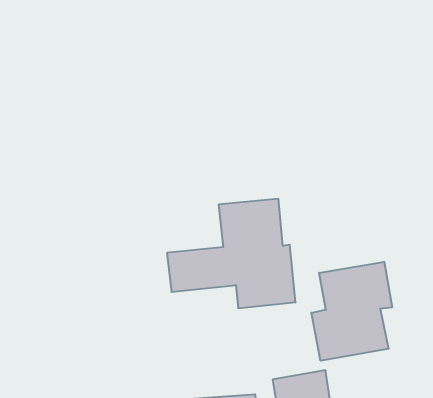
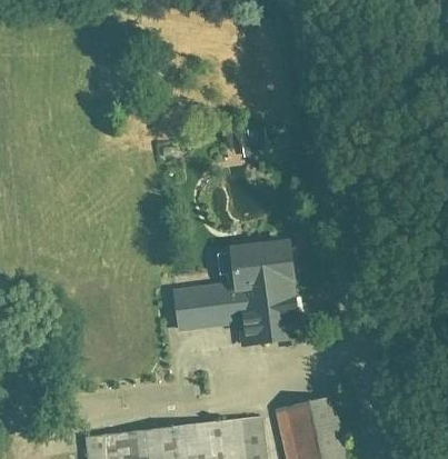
building: [311,262,392,361] -> none

